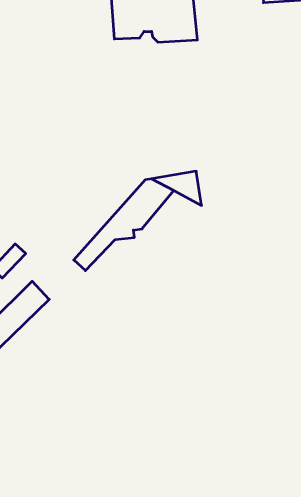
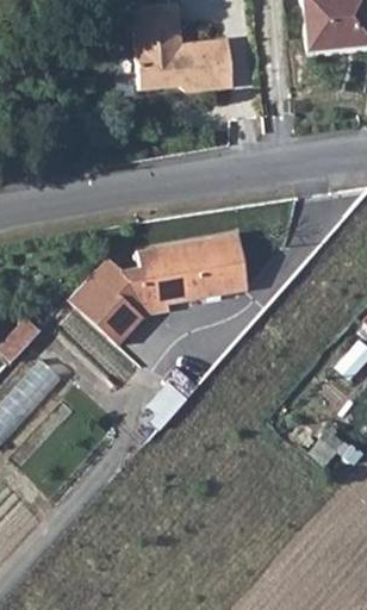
building: none -> [62,247,176,336]
building: none -> [173,259,242,301]

